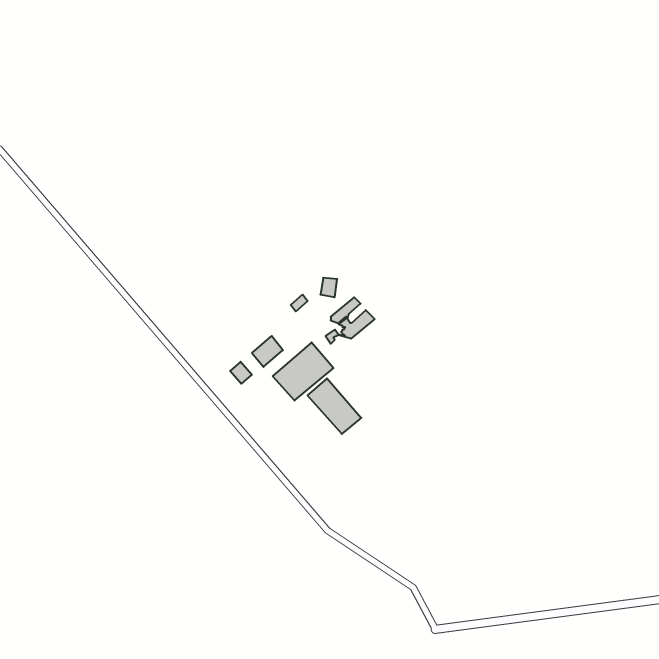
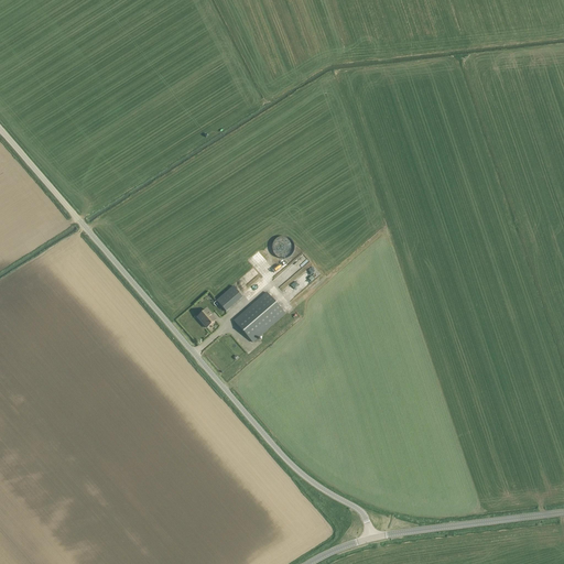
building: [308,378,361,434] -> none

